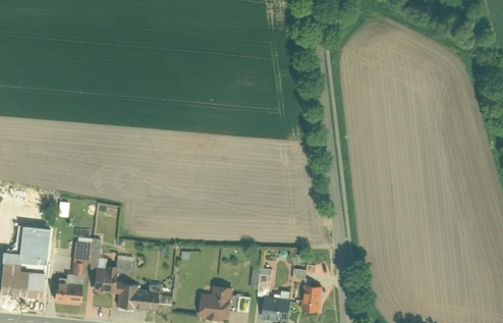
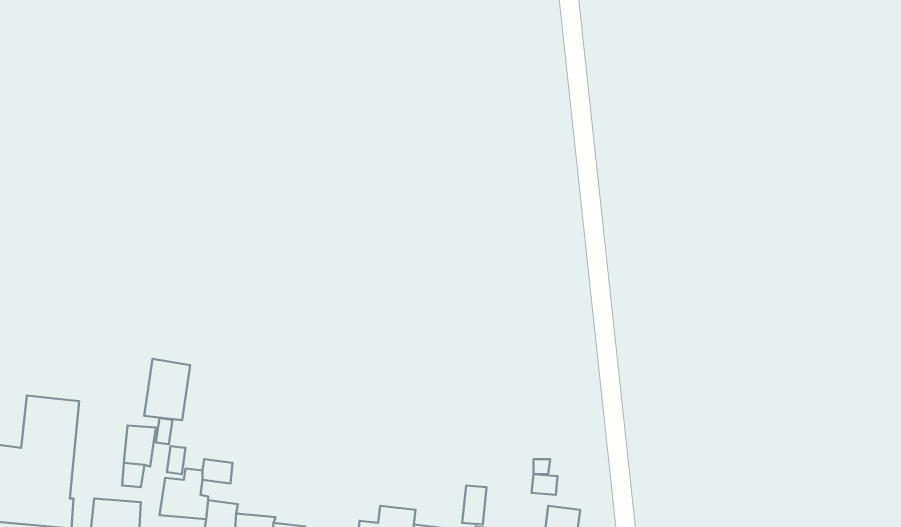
building: none -> [144,359,190,420]

